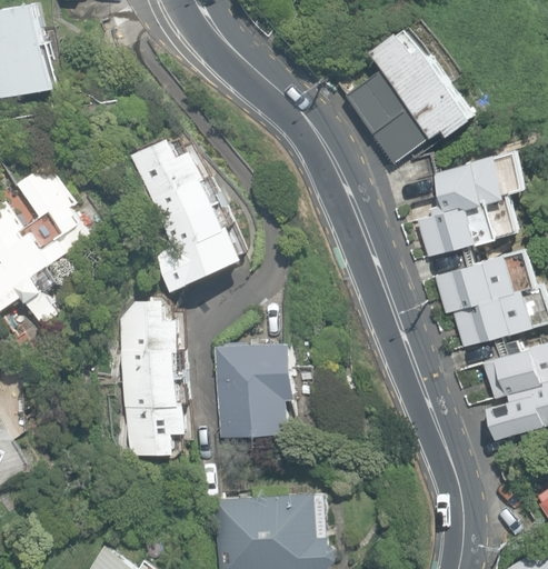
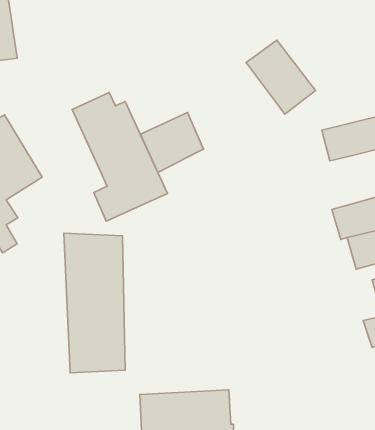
building: [368,20,476,139] -> none
building: none -> [141,113,203,172]
building: [417,207,480,257] -> none
building: [216,348,299,450] -> none

